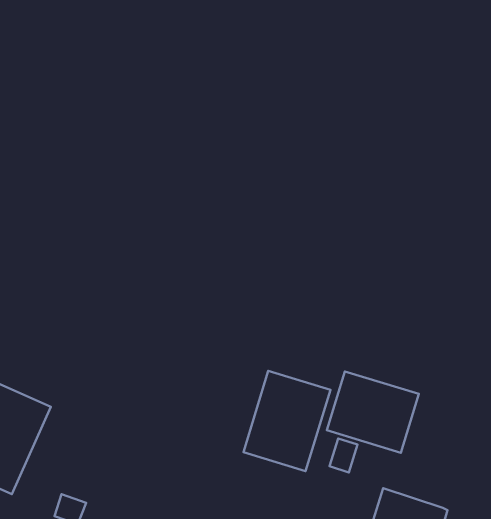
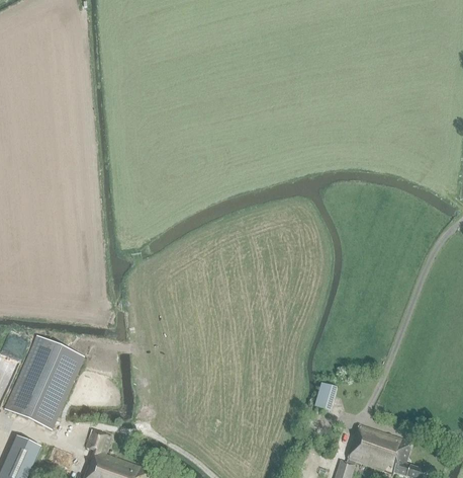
building: [243,371,330,471] -> none
building: [327,371,419,453] -> none

